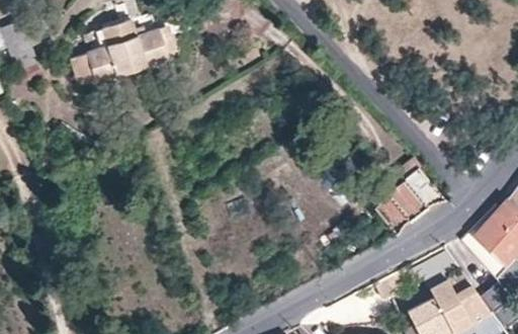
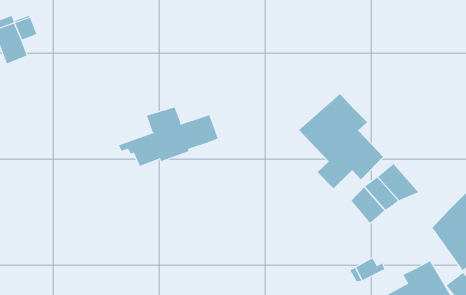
building: [71,21,176,84] -> [118,107,218,166]
building: none -> [298,93,384,189]

